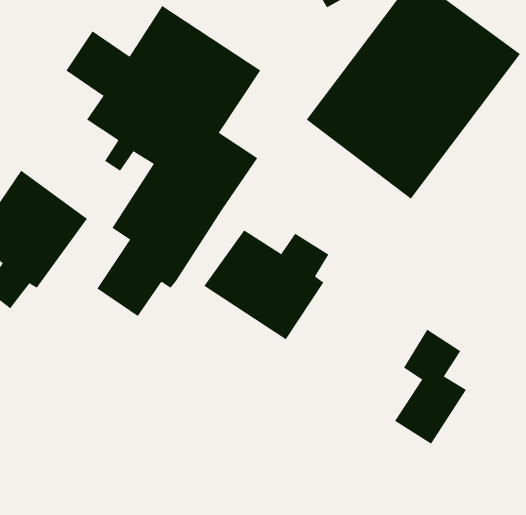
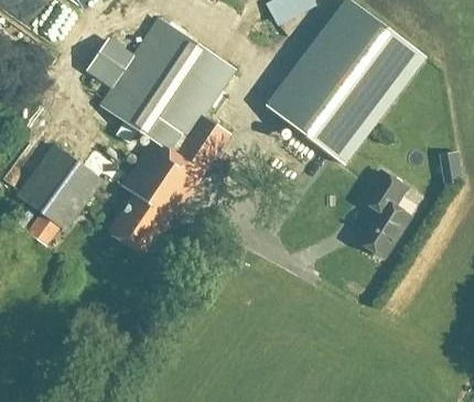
building: [204,229,329,340] -> none
building: [394,329,467,445] -> [355,170,409,256]

